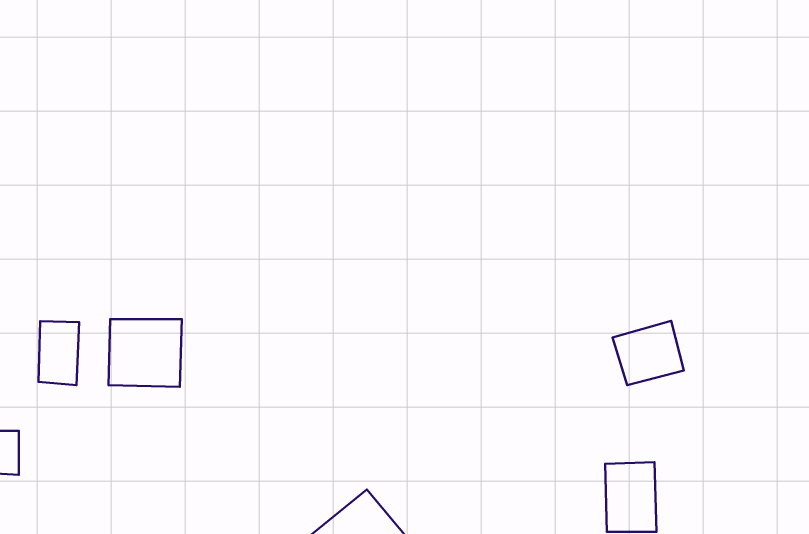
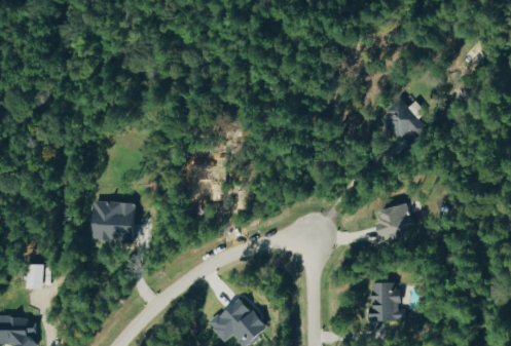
building: none -> [378,97,424,138]
building: [39,321,79,385] -> none

